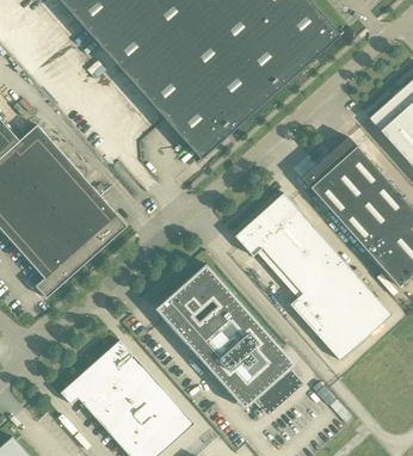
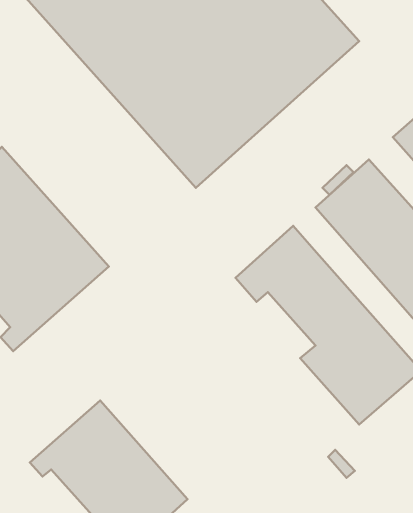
building: [154,264,302,414] -> none

